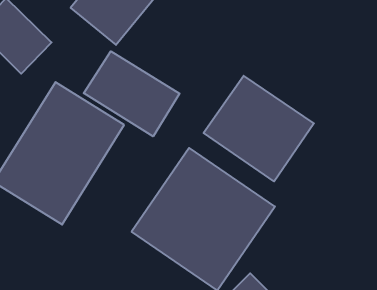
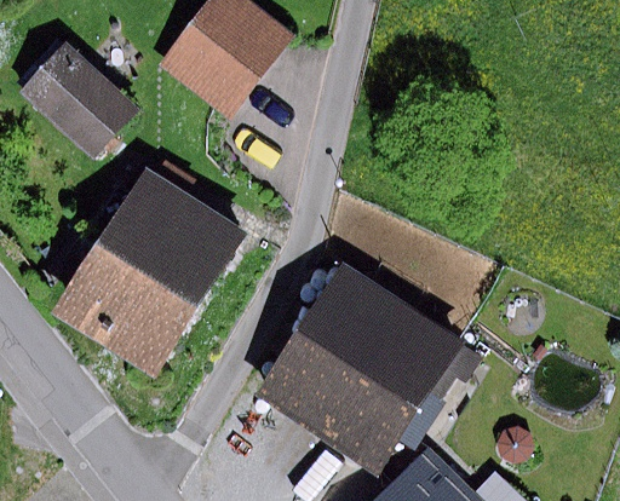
building: [84,51,180,136] -> none
building: [204,76,314,181] -> none

